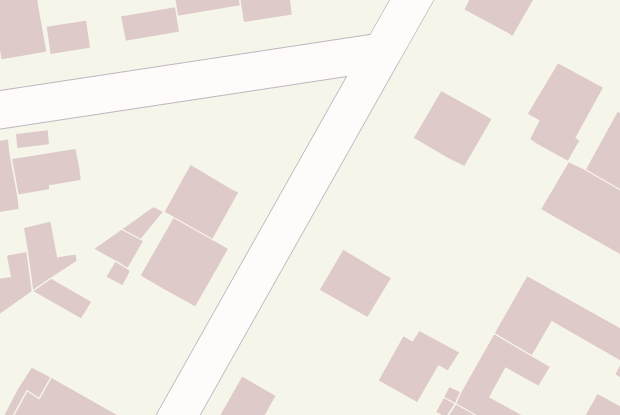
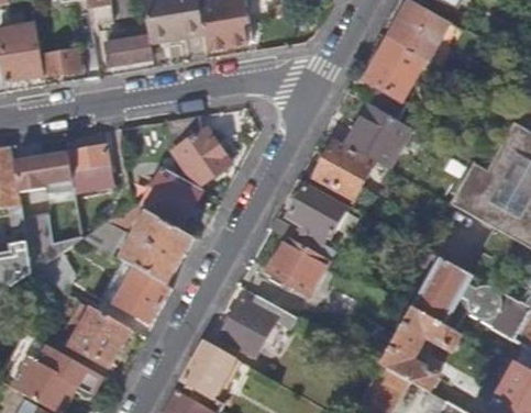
building: [527,62,604,162] -> [363,38,427,121]
building: none -> [166,120,231,188]
building: none -> [314,139,374,200]
building: none -> [66,145,113,192]
building: none -> [288,183,349,257]
building: none -> [114,268,170,324]
building: [378,330,460,403] -> [221,295,289,356]
building: none -> [69,306,129,367]

